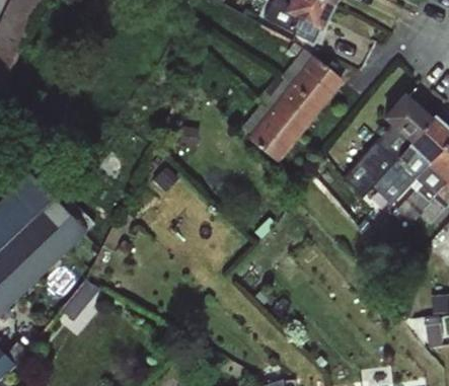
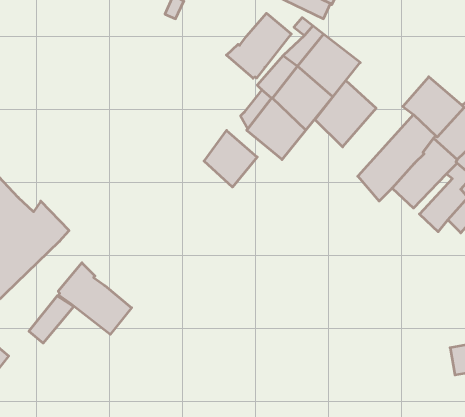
building: none -> [226,13,291,78]
building: none -> [315,81,376,147]
building: none -> [204,130,257,187]
building: none -> [58,263,132,334]

